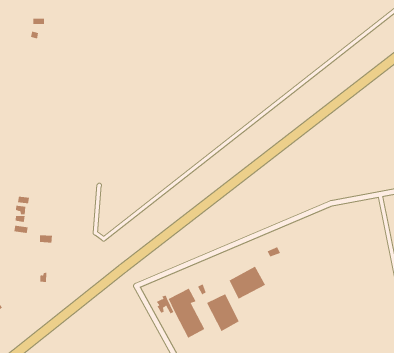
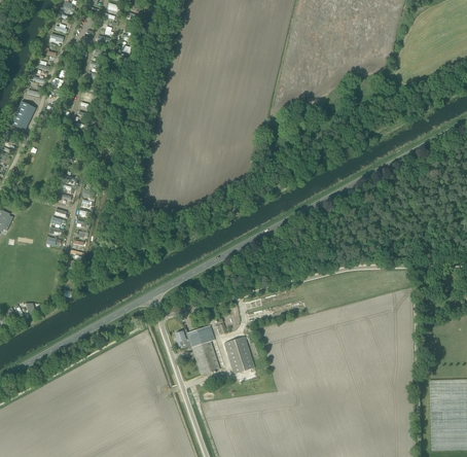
building: [229,266,266,299] -> none

